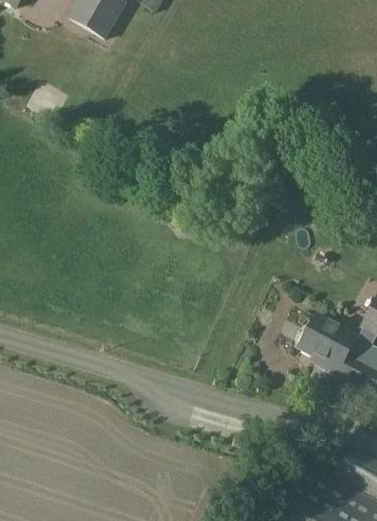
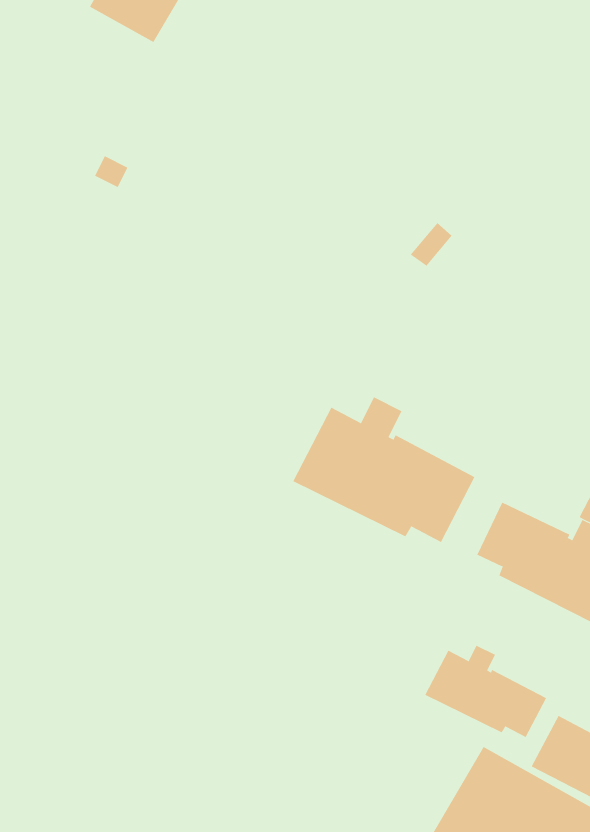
building: none -> [293,397,475,543]
building: none -> [425,645,547,738]

